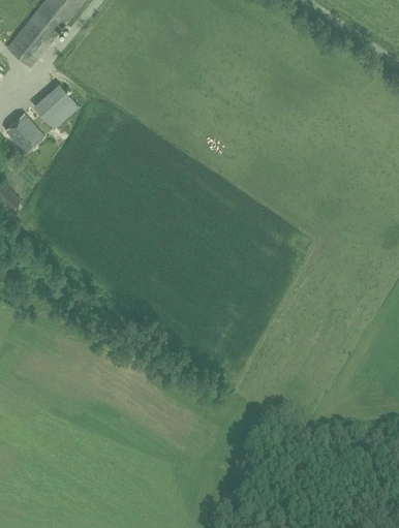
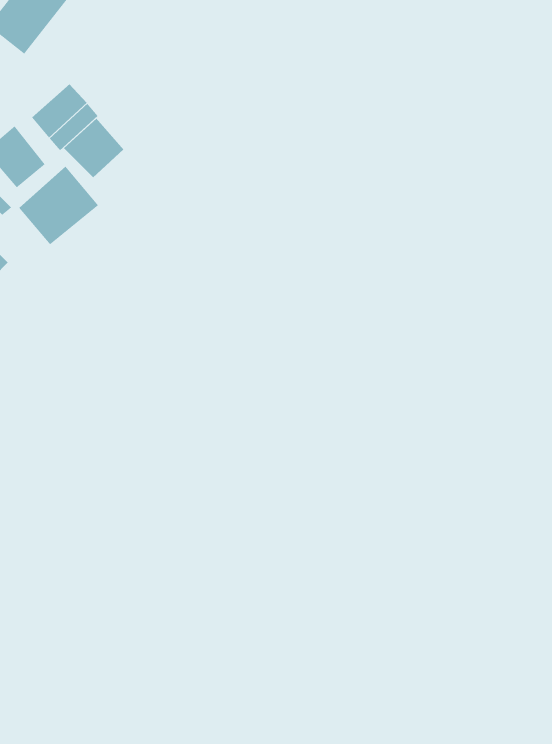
building: none -> [63,118,124,178]
building: none -> [19,166,99,245]

